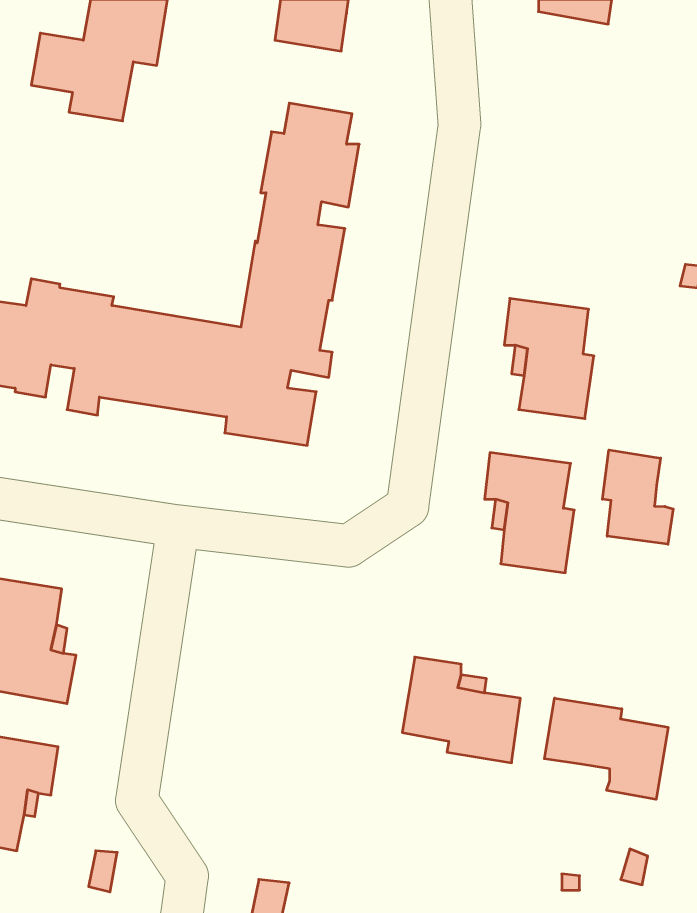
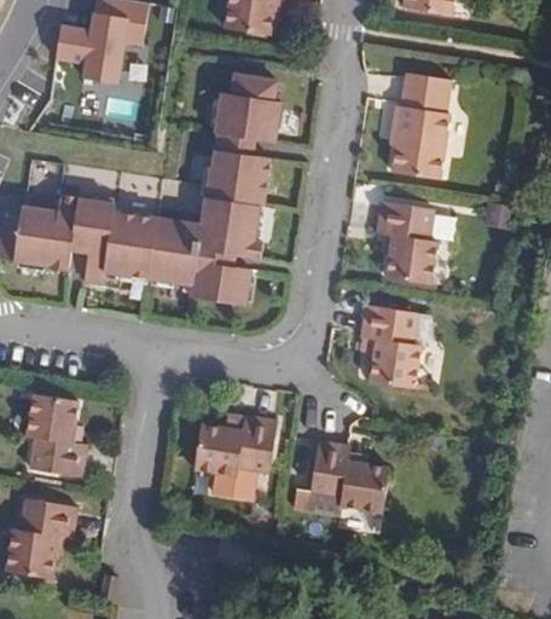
building: none -> [389,74,448,180]
building: [602,450,673,544] -> none
building: none -> [195,421,278,505]
building: [544,698,668,799] -> none

